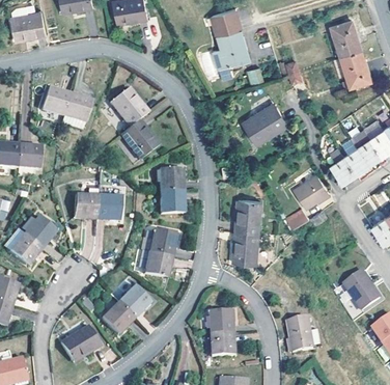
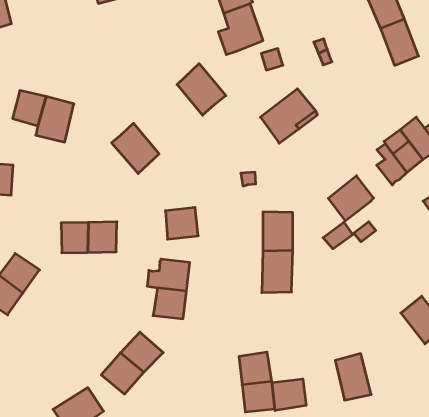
building: [110,86,148,128] -> [177,64,226,115]
building: [159,168,184,191] -> none
building: none -> [272,379,306,411]

